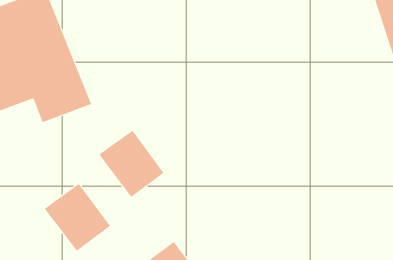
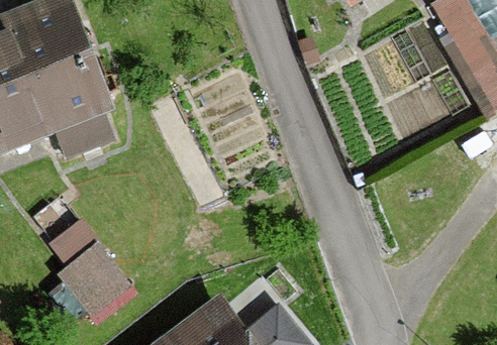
building: [98,130,164,198] -> none

